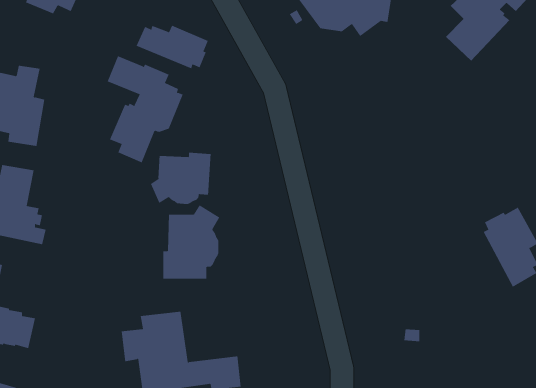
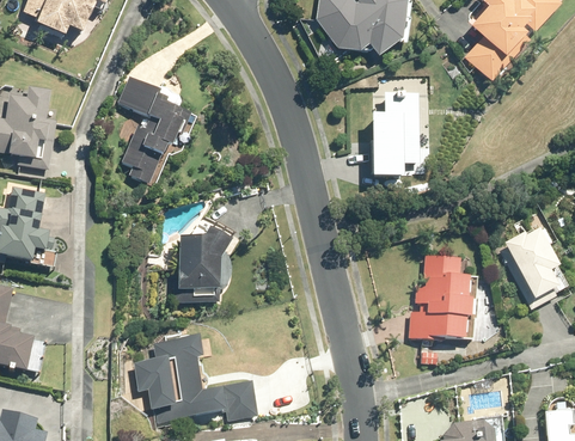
building: [136,25,209,69] -> none
building: none -> [366,92,417,177]
building: [150,152,211,205] -> none
building: none -> [408,255,477,339]

